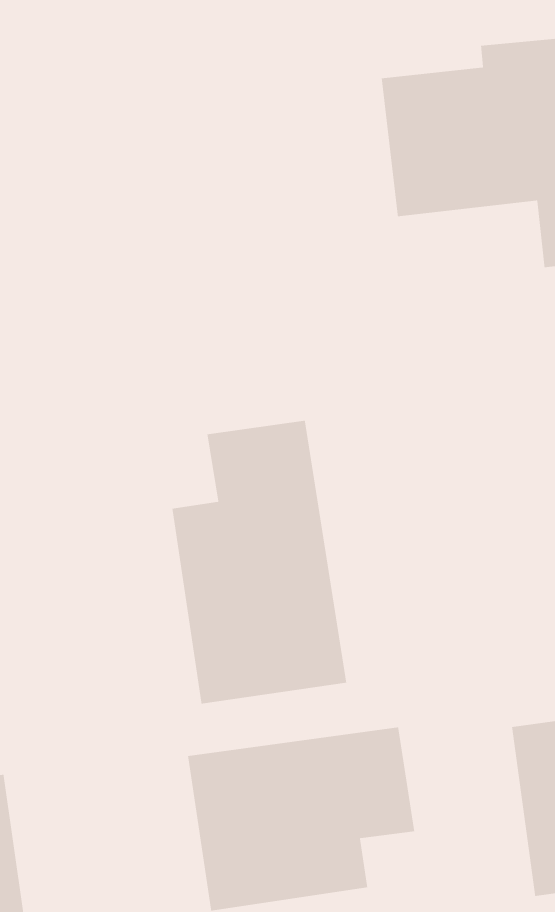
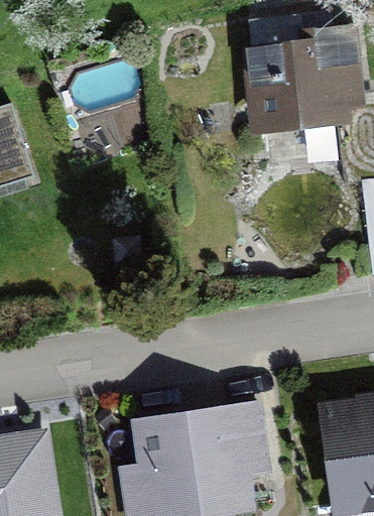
building: [172,420,347,705] -> none

